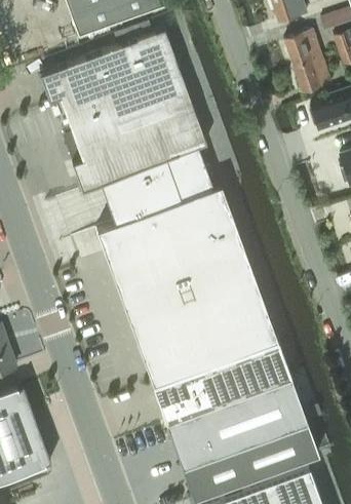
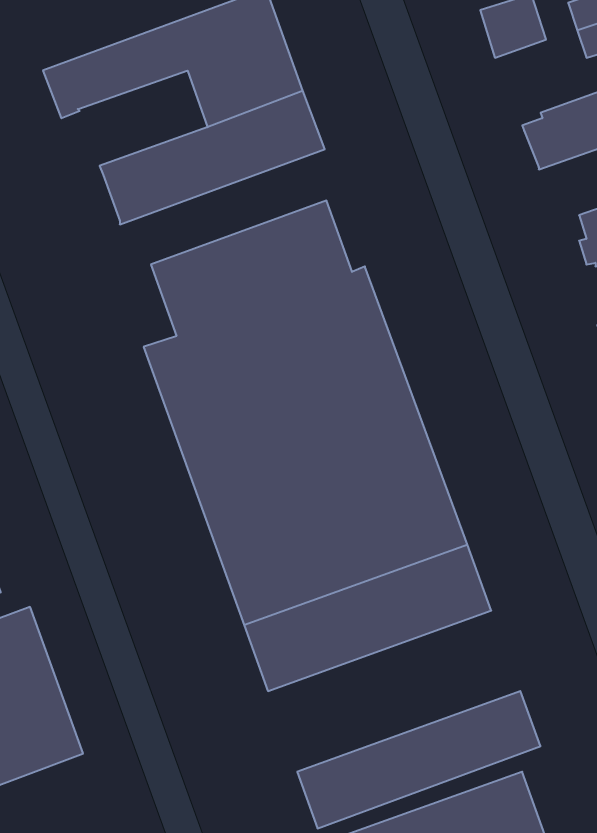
building: [293,56,330,92] -> none
building: [58,74,131,127] -> none
building: [71,118,206,189] -> none
building: [165,377,307,467] -> none

